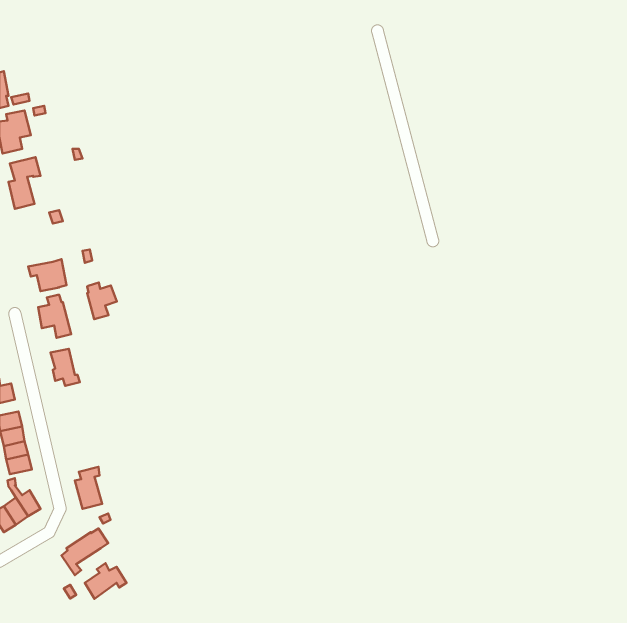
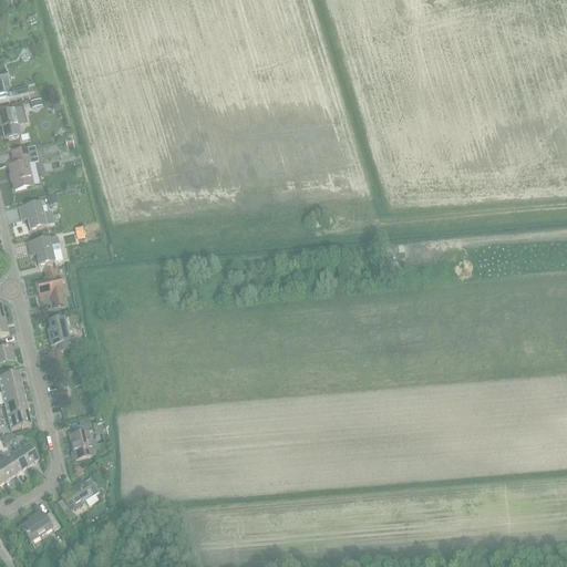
building: none -> [18,199,52,227]
building: [87,283,117,319] -> none
building: [85,563,126,599] -> [20,507,58,539]

